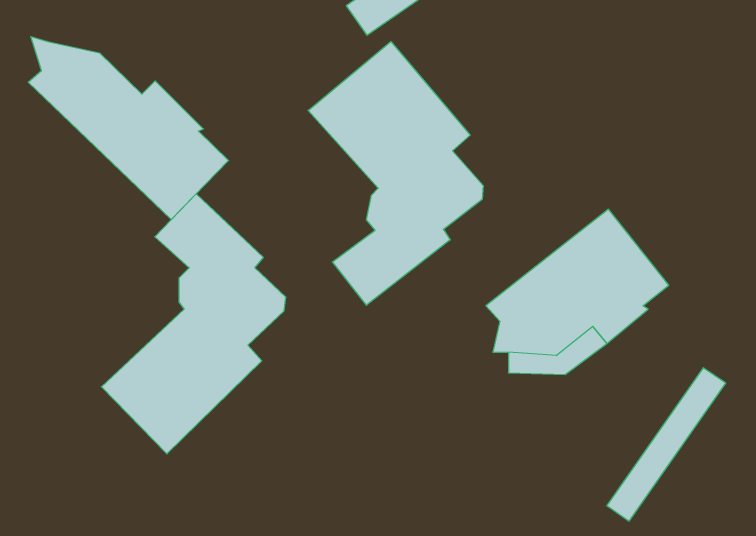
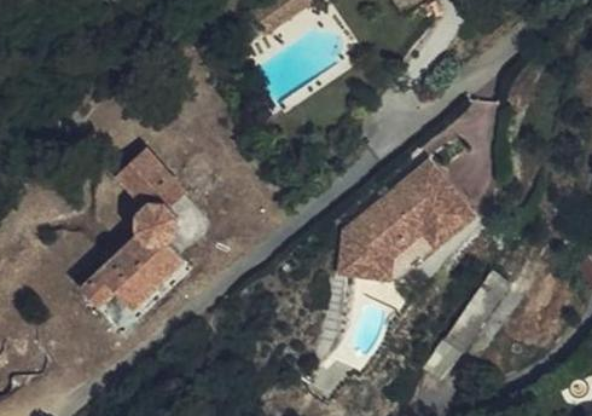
building: [28,37,229,219] -> none
building: [308,42,483,305] -> none

